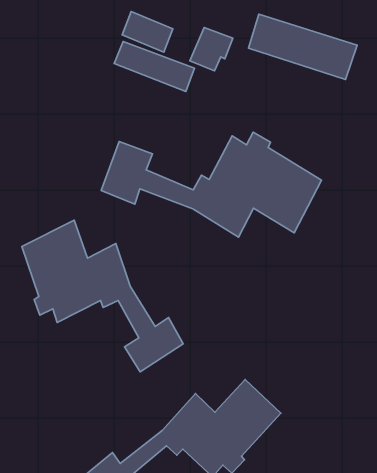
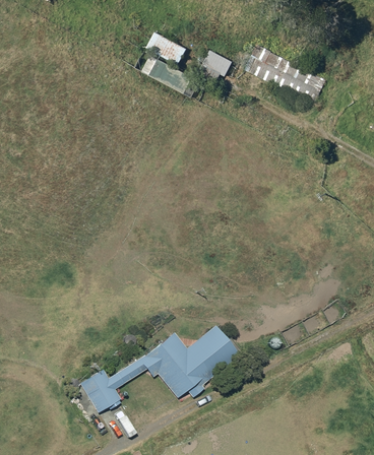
building: [101,132,322,237] -> none
building: [22,220,183,372] -> none

